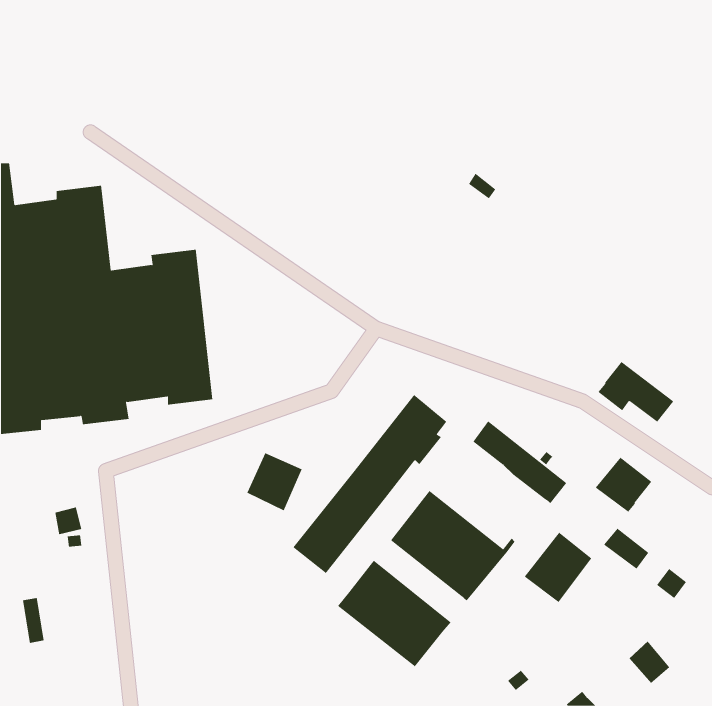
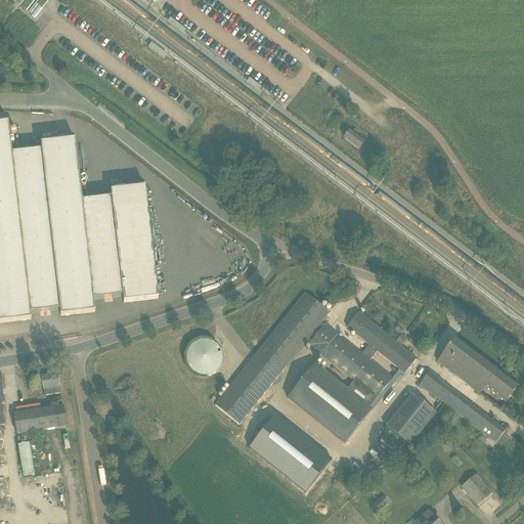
building: [598,361,674,422] -> [462,354,518,399]
building: none -> [308,321,402,398]
building: none -> [420,368,453,400]
building: none -> [11,403,63,430]

